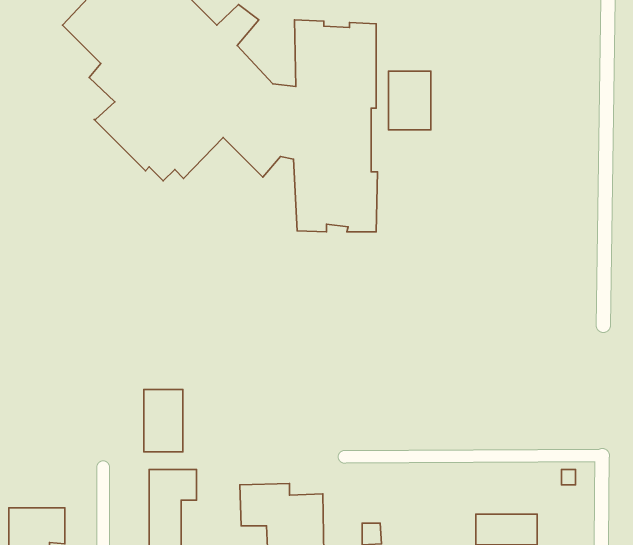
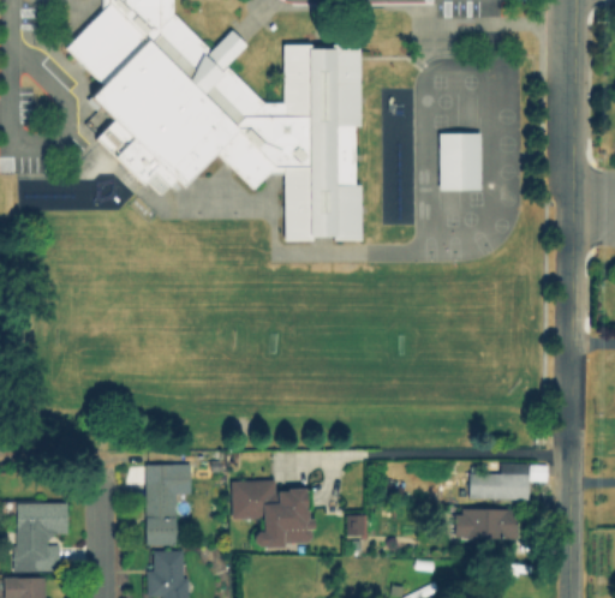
building: [389,71,431,130] -> [440,133,479,189]
building: [144,389,183,452] -> none
building: none -> [470,473,529,498]

